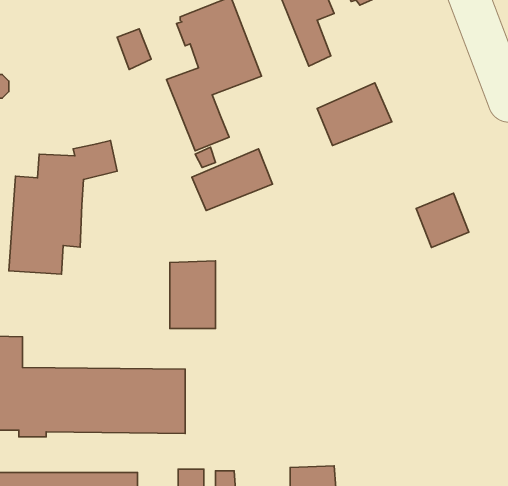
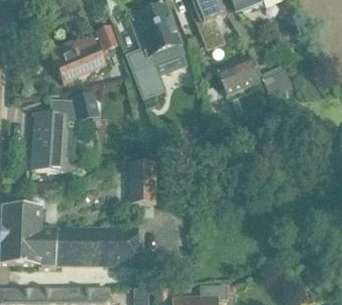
building: none -> [49,34,106,85]
building: [192,149,273,210] -> none
building: [416,193,469,247] -> [260,64,292,97]

